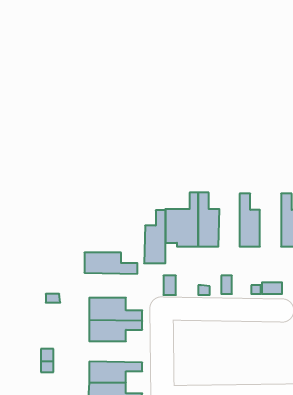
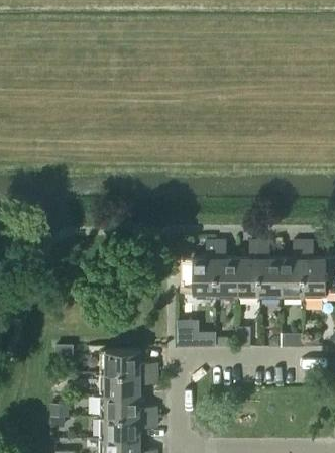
building: none -> [281,241,303,297]
building: [144,210,165,263] -> [237,241,259,297]
building: [84,253,137,274] -> [102,395,157,418]

